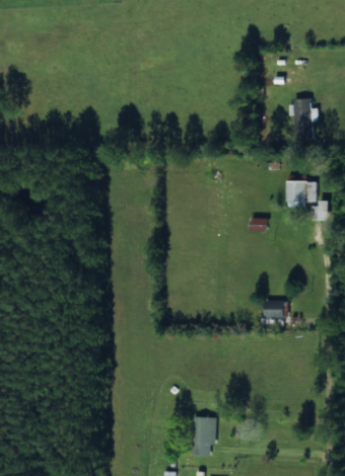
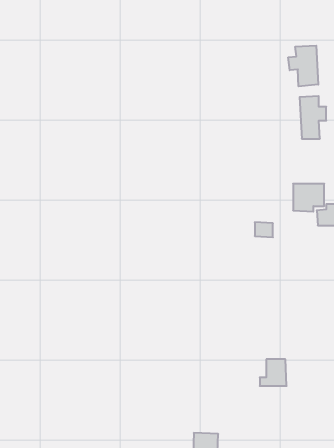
building: none -> [288,46,318,86]
building: [259,300,284,325] -> [260,359,287,386]

